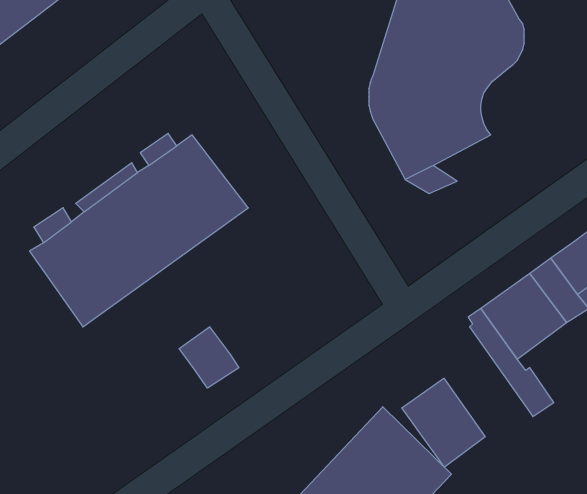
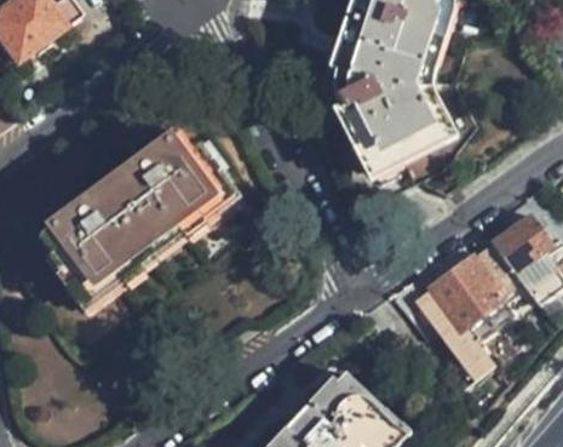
building: [179,327,239,388] -> none
building: [402,378,485,467] -> none

